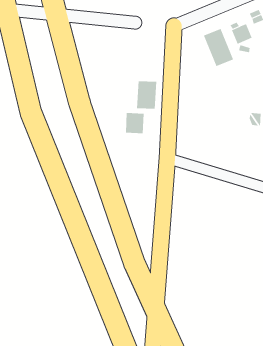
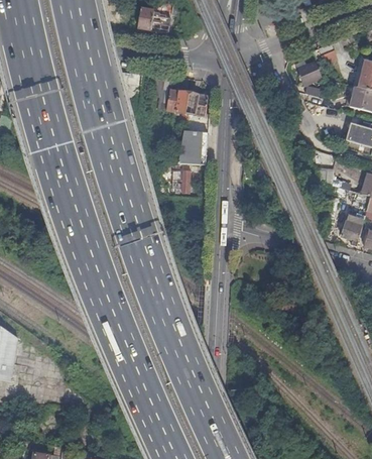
building: [203,28,234,67] -> none
building: none -> [168,88,210,115]

